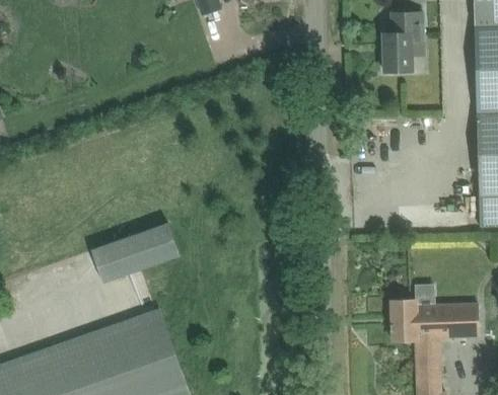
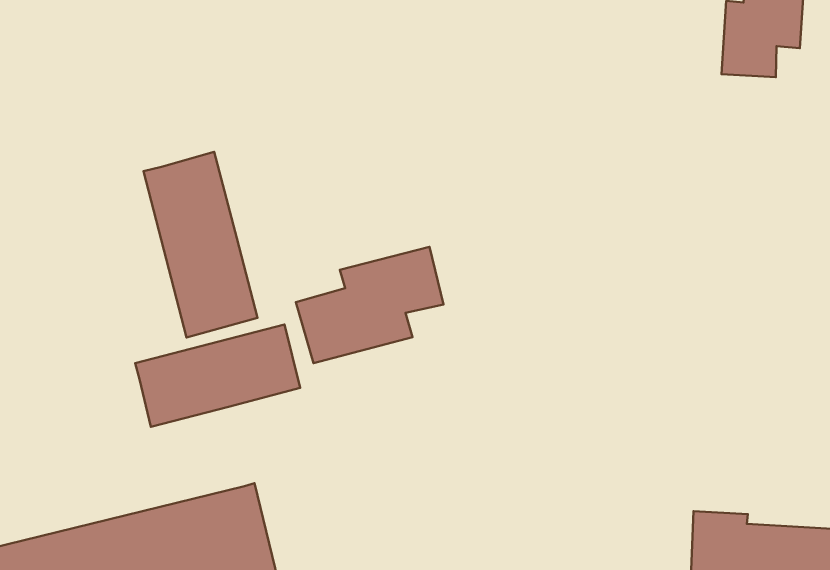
building: none -> [143,152,257,337]
building: none -> [296,247,444,363]

